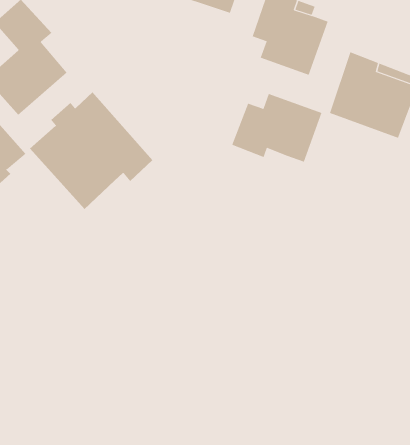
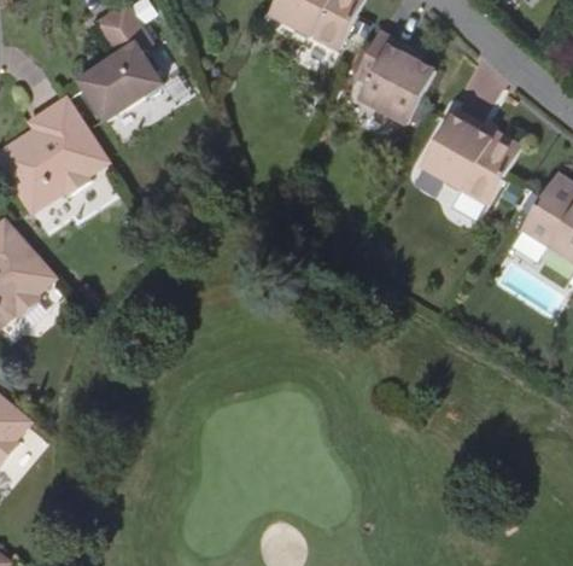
building: [29,91,153,210] -> none
building: [231,93,322,163] -> none

